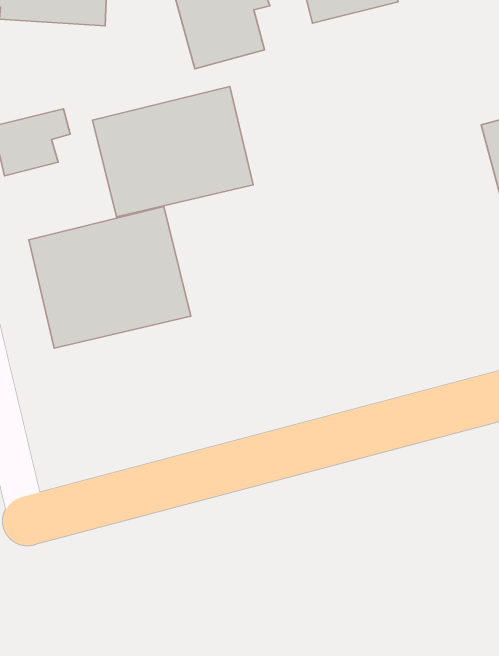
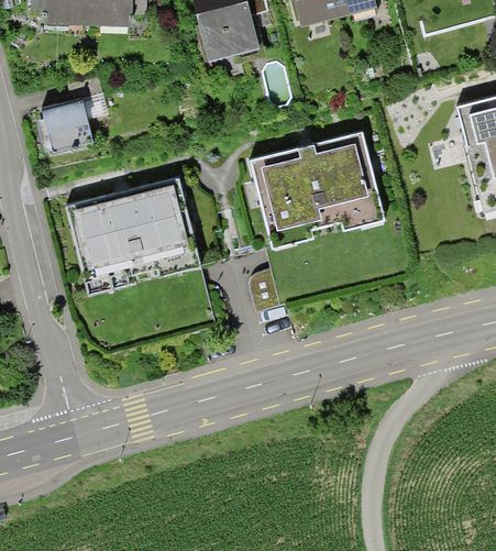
building: [93,86,253,217] -> none
building: none -> [256,130,387,245]

